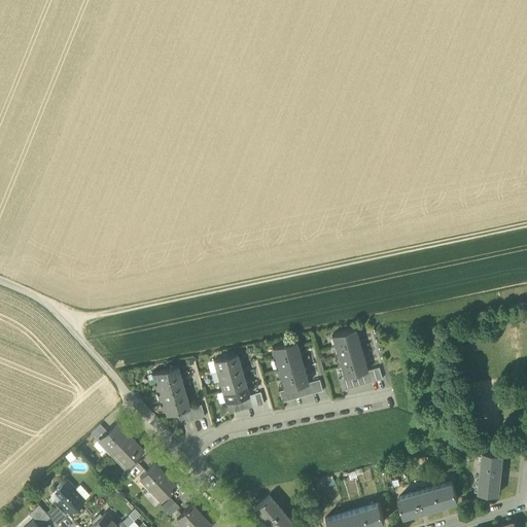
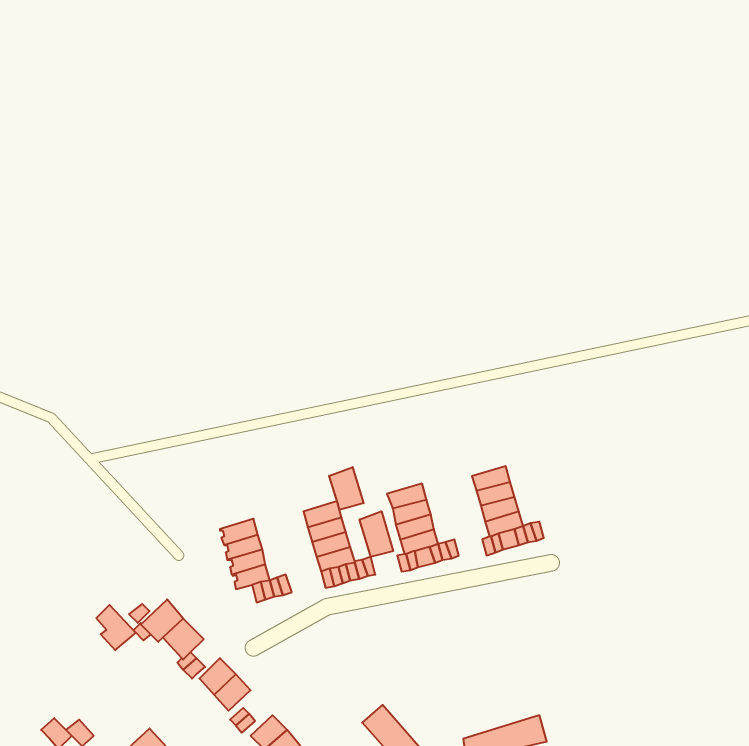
building: none -> [329,467,364,510]
building: none -> [360,511,393,557]
building: [479,454,501,496] -> none
building: [57,482,84,514] -> [96,605,136,650]
building: [398,484,458,517] -> none

